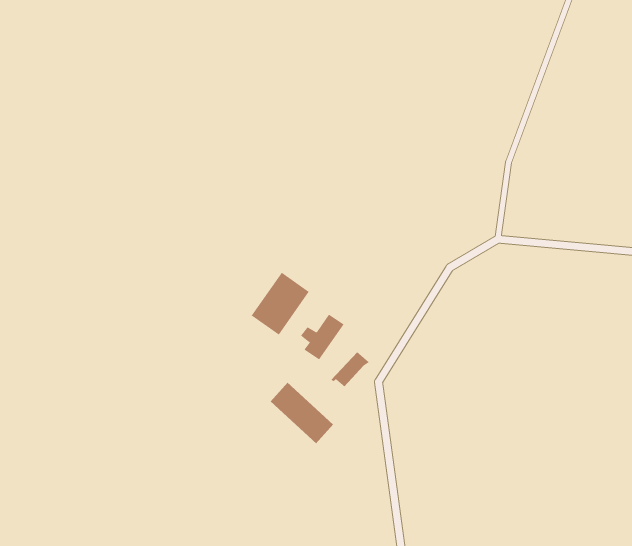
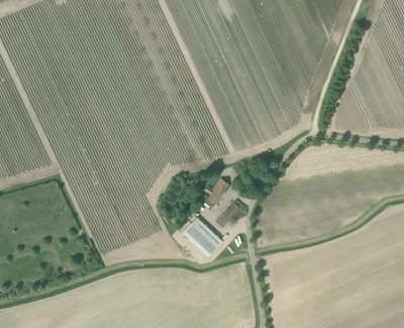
building: [251,272,310,335] -> none

